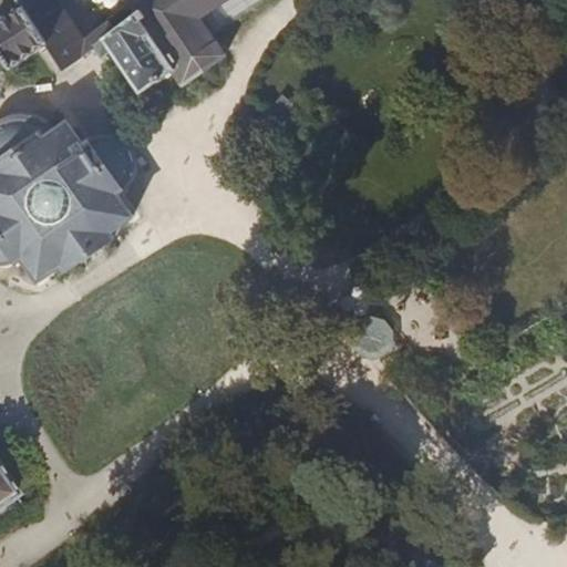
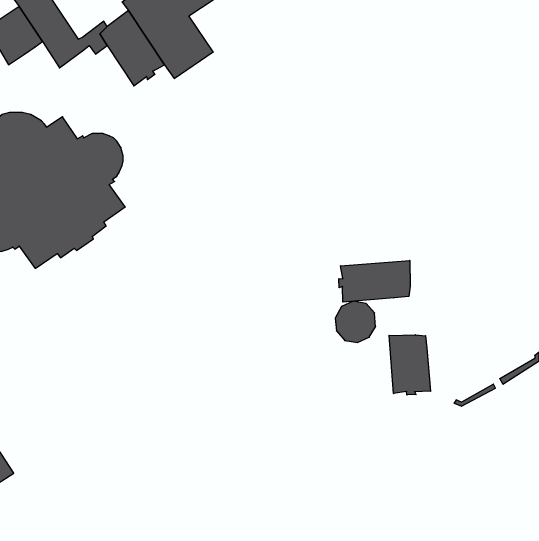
building: none -> [339,260,410,302]
building: none -> [389,335,431,395]

